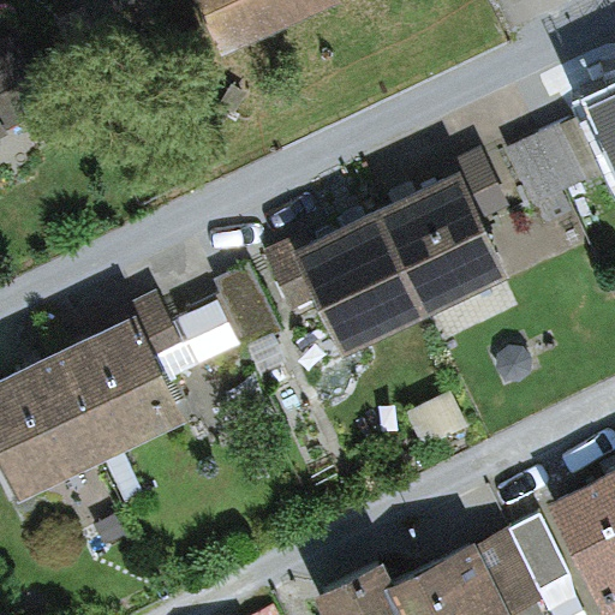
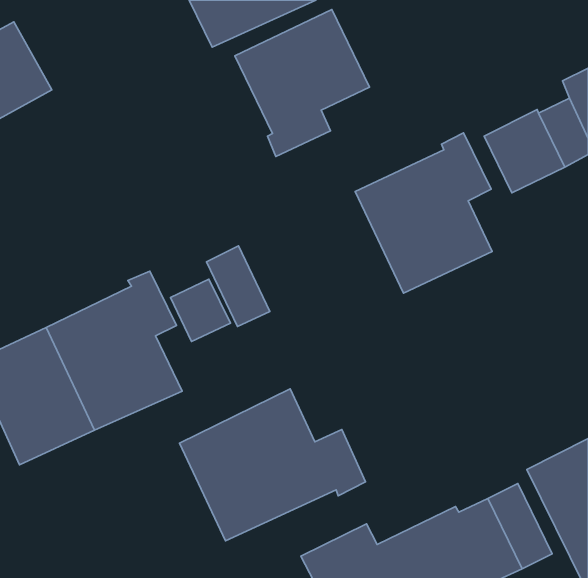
building: none -> [235,9,370,156]
building: [262,211,420,354] -> none
building: none -> [179,389,365,541]

